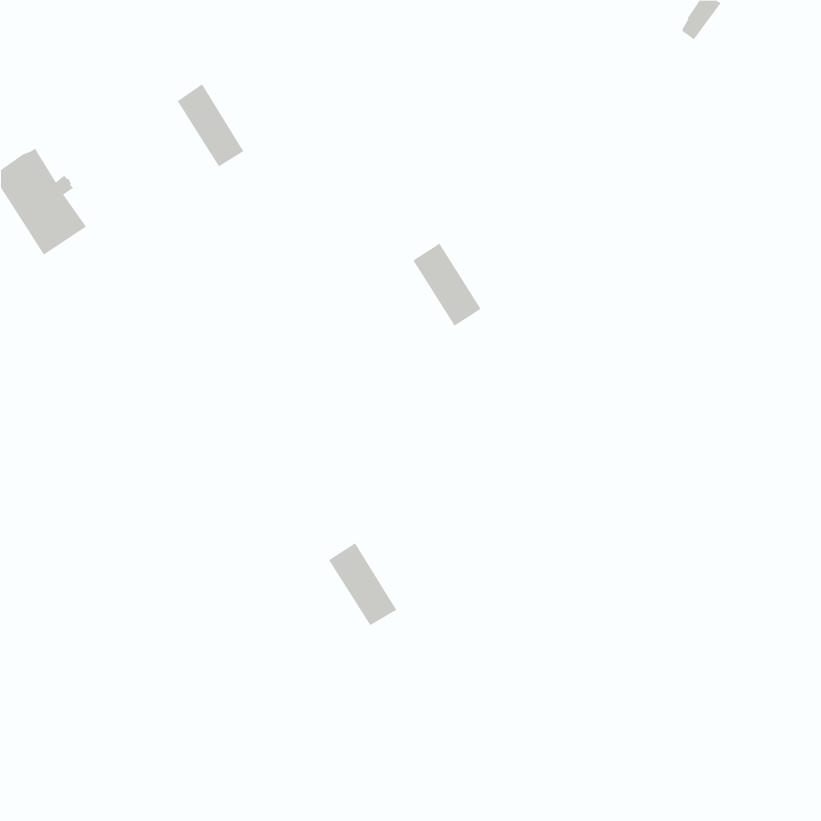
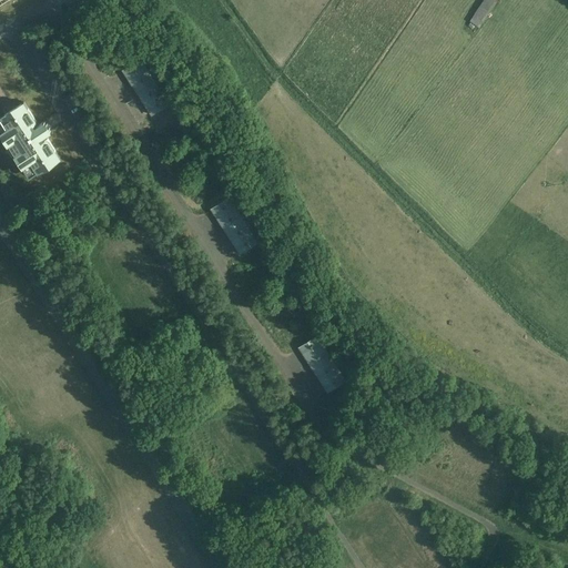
building: [412,243,482,326] -> [210,196,257,254]
building: [328,542,397,626] -> [298,335,346,393]

